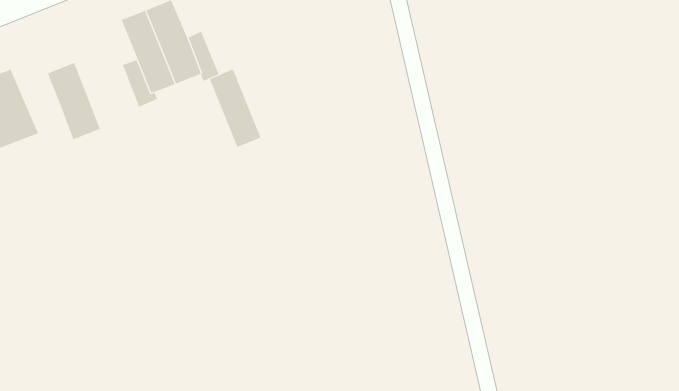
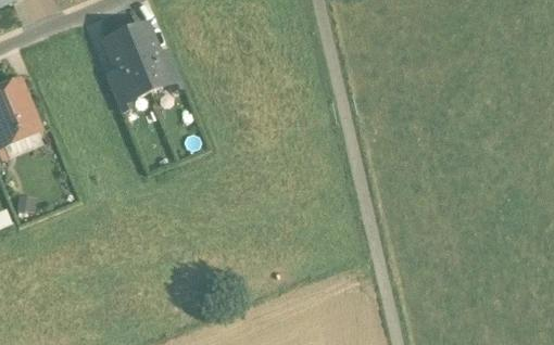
building: [47,62,101,140] -> none
building: [209,69,261,148] -> none

